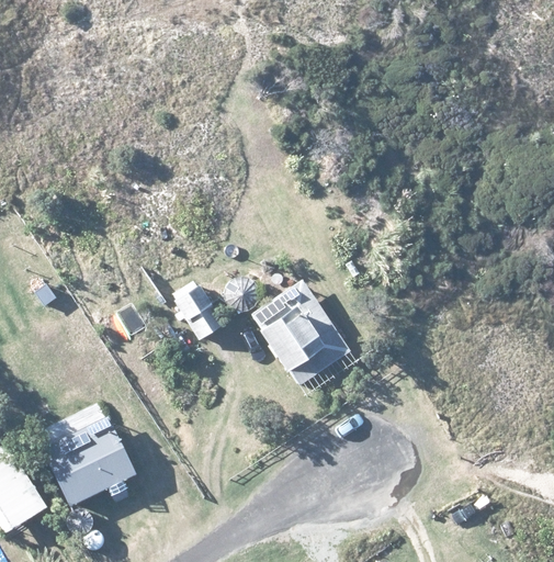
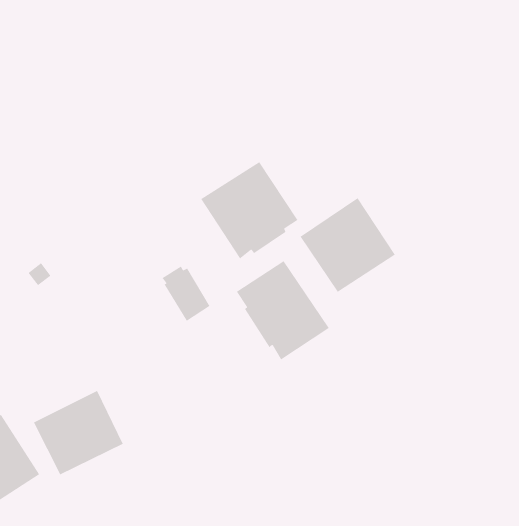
building: none -> [200,161,299,259]
building: none -> [300,197,396,293]

